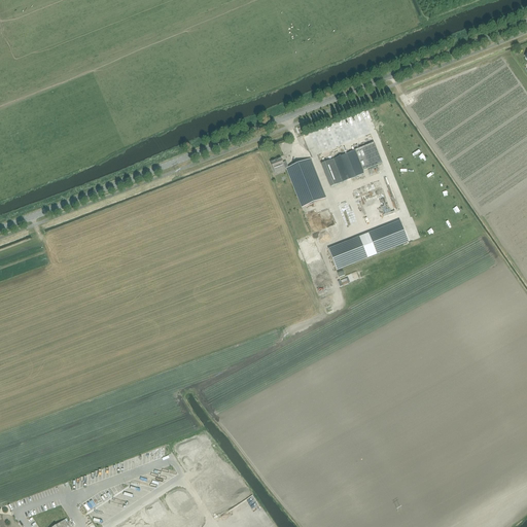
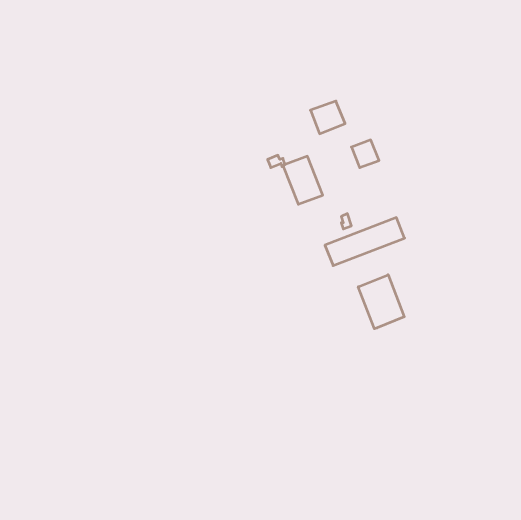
building: [320,152,355,185] -> [310,101,345,134]
building: none -> [358,275,404,329]

